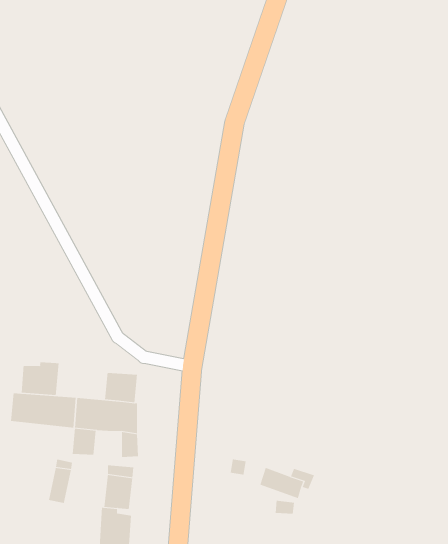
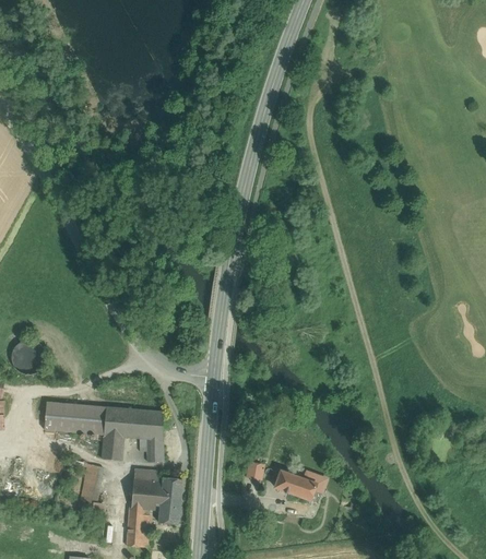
building: [21,362,59,396] -> none
building: [105,372,138,403] -> none
building: none -> [157,477,181,523]

